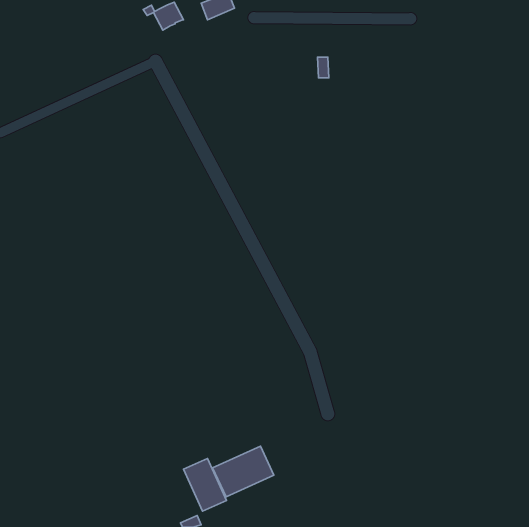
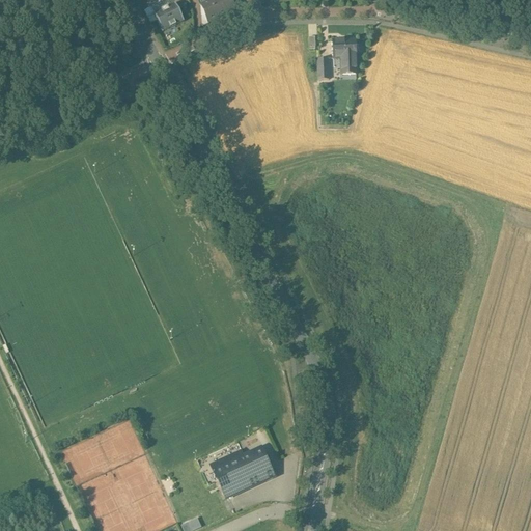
building: none -> [333,39,357,73]
building: [183,458,227,511] -> none

